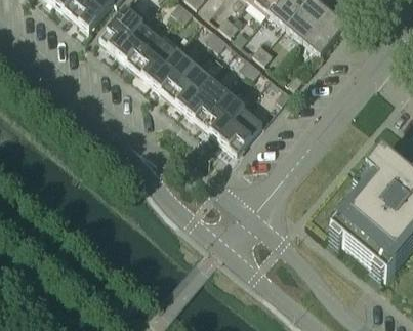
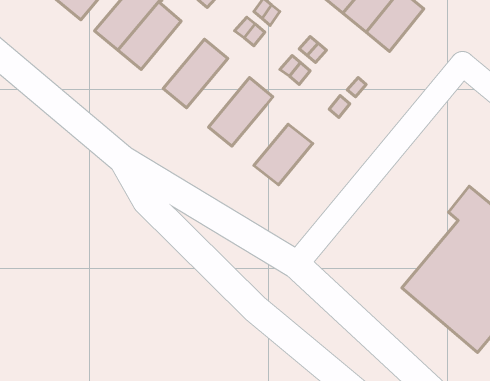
building: [134,32,181,82] -> none
building: [168,59,215,111] -> none
building: [202,94,244,139] -> none

